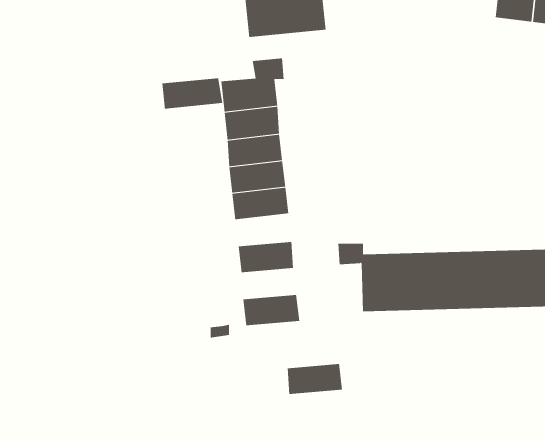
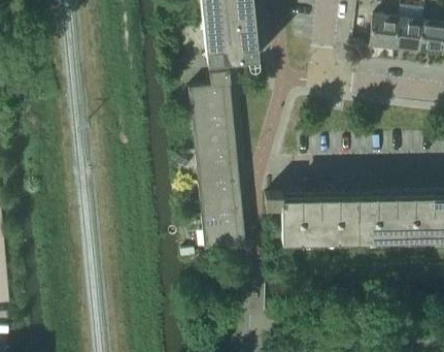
building: [162,77,223,109] -> none
building: none -> [199,174,237,196]
building: [287,363,343,395] -> [203,211,240,231]

